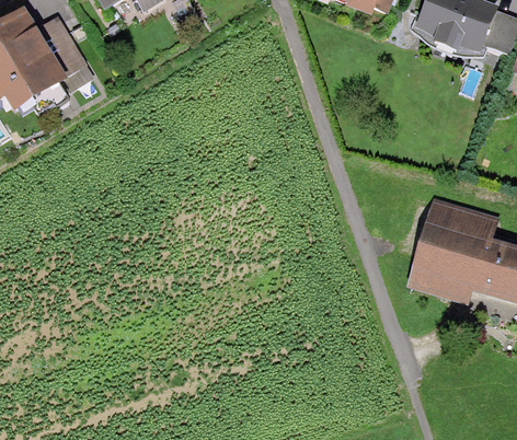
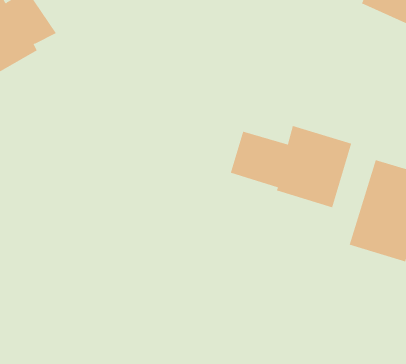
building: none -> [230,125,352,208]

